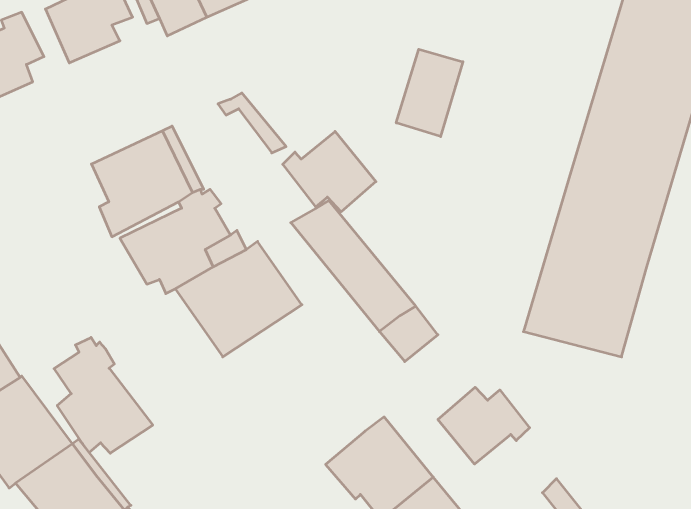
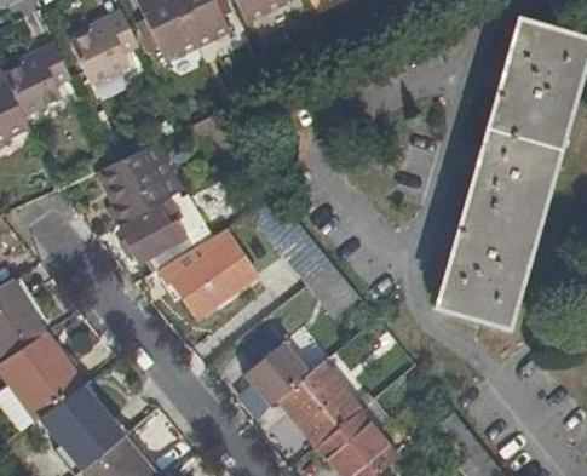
building: [396,49,463,137] -> none
building: [283,131,376,212] -> none
building: [54,337,153,453] -> none
building: [438,387,530,464] -> none
building: none -> [243,346,309,409]

